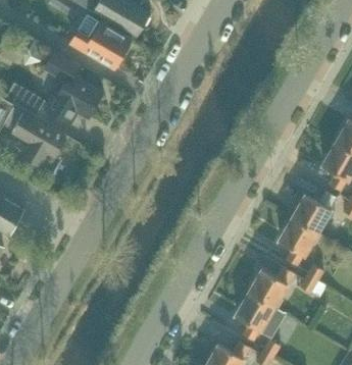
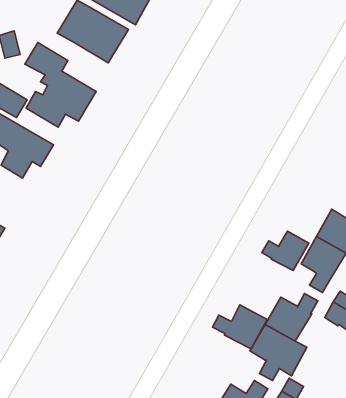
building: none -> [262,231,309,270]
building: none -> [213,305,267,349]

